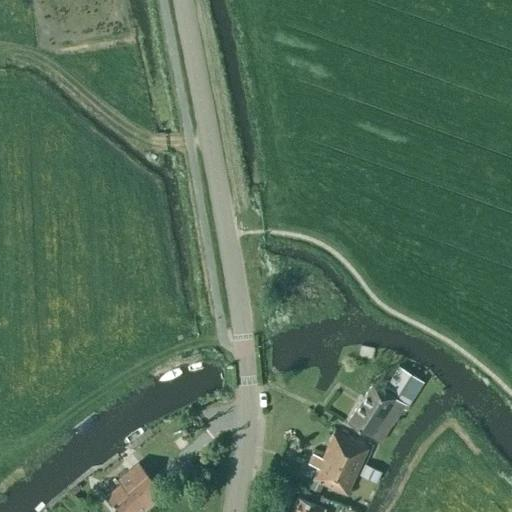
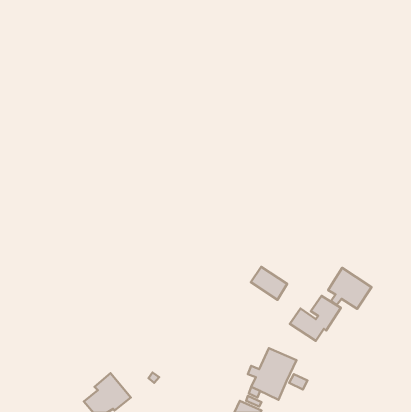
building: none -> [328,268,372,309]
building: [348,402,393,443] -> [251,267,287,300]

